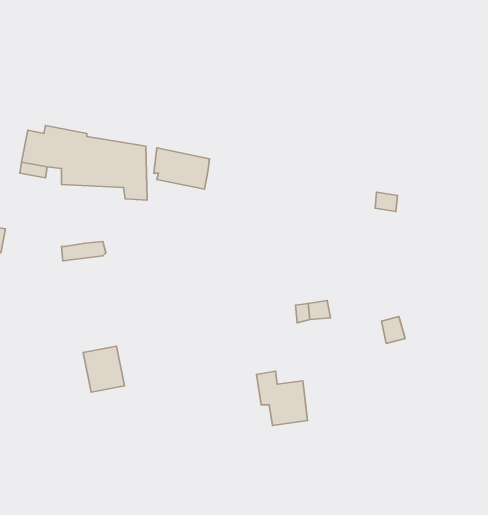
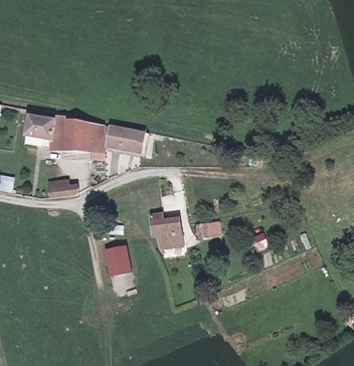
building: [83,346,124,392] -> [106,246,132,276]
building: [257,371,307,425] -> [150,213,182,247]

